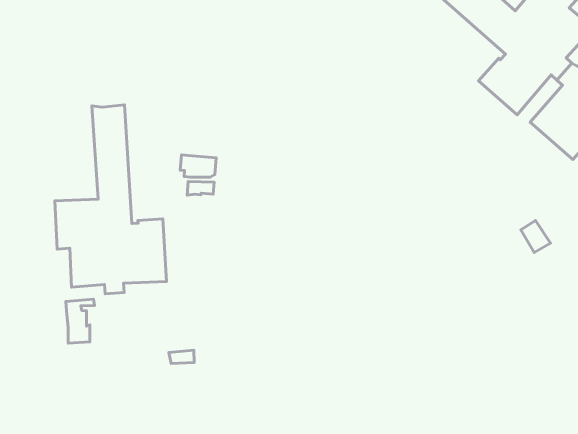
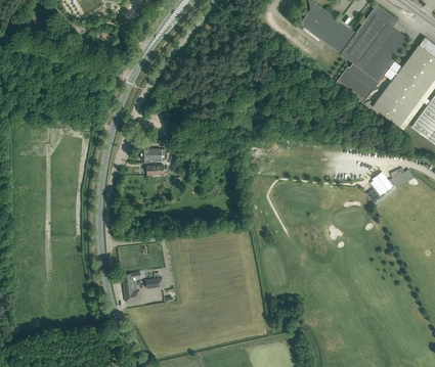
building: [55,105,167,294] -> none
building: [66,299,94,343] -> [122,273,141,304]

